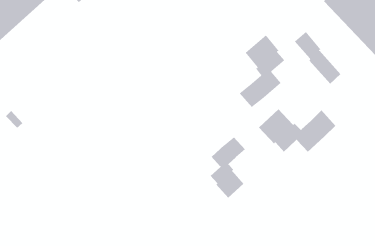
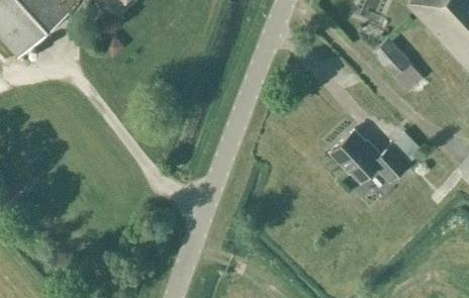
building: [239,34,285,108] -> none
building: [210,137,246,199] -> none

